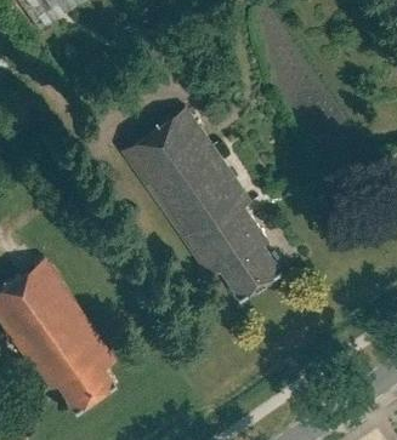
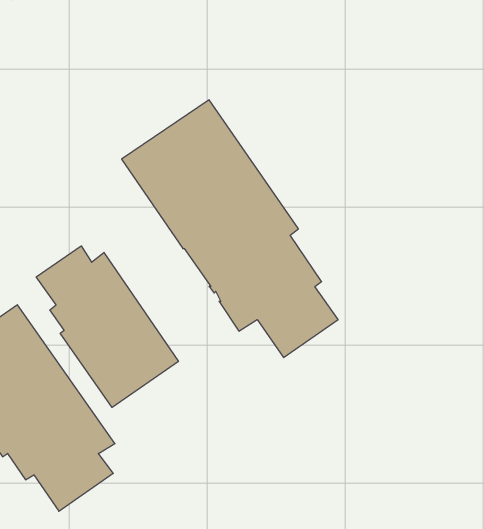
building: none -> [36,246,178,407]

